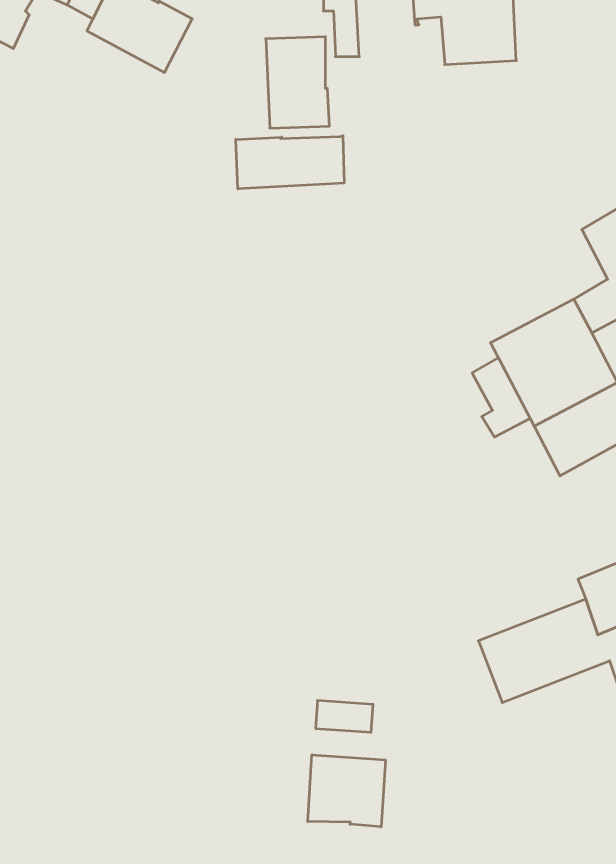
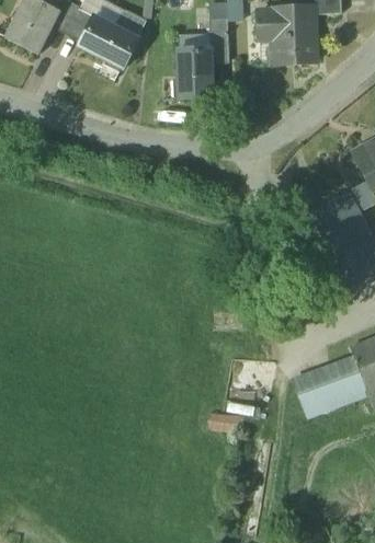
building: [236,136,344,189] -> none
building: [472,358,530,437] -> none
building: [308,755,385,827] -> none

